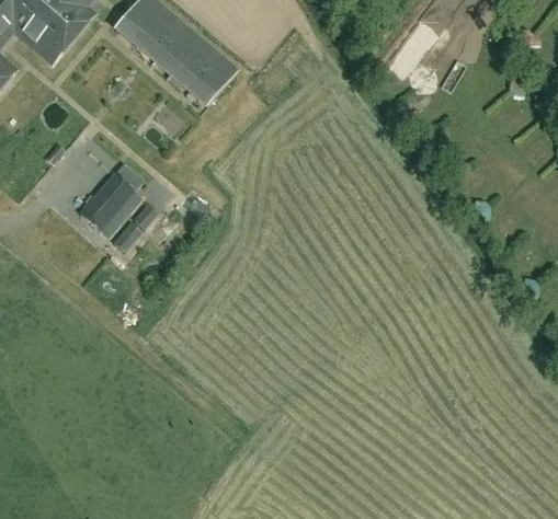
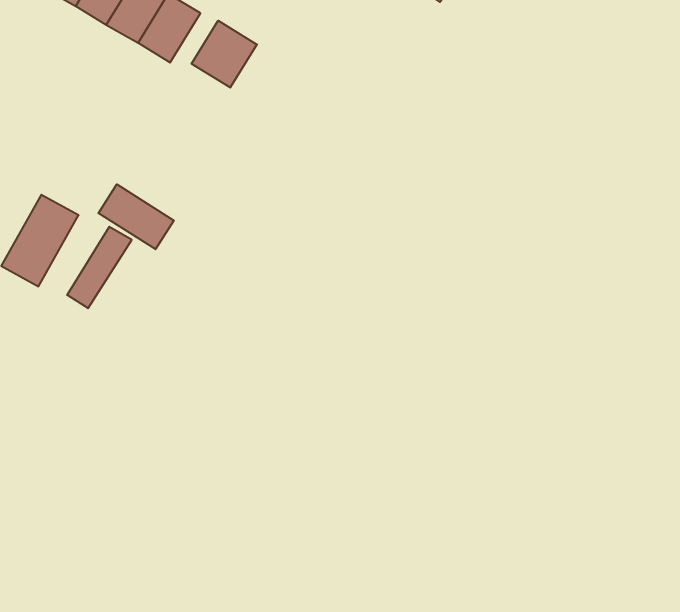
building: none -> [192,21,257,88]
building: none -> [98,184,174,249]

